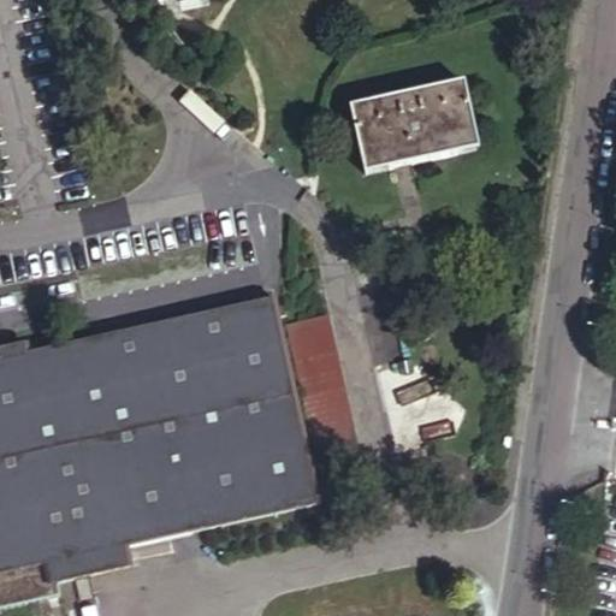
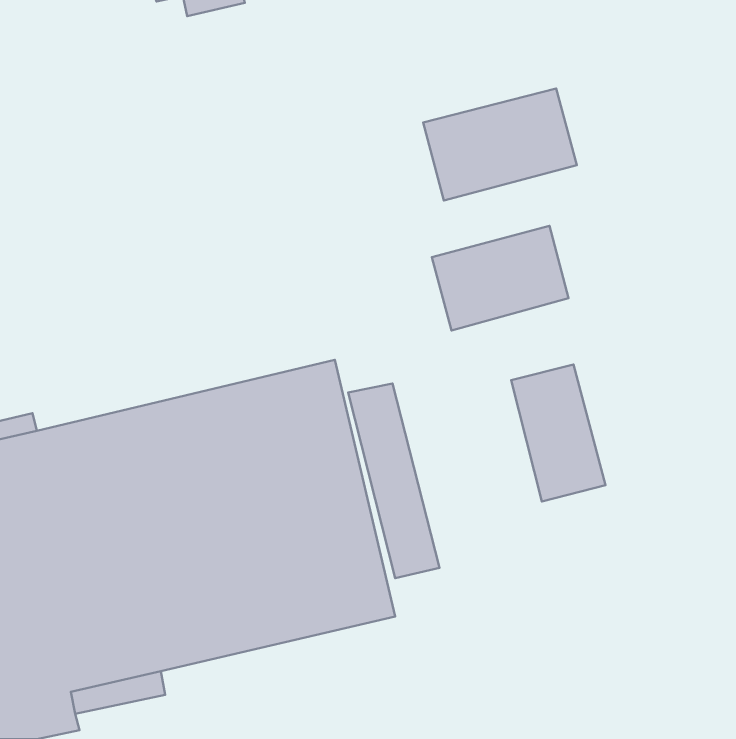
building: none -> [432,226,569,331]
building: none -> [511,364,606,502]

